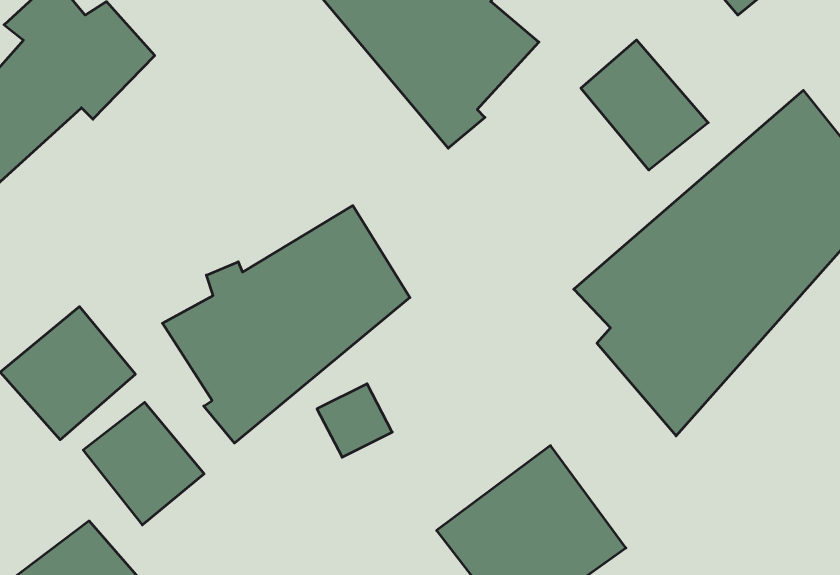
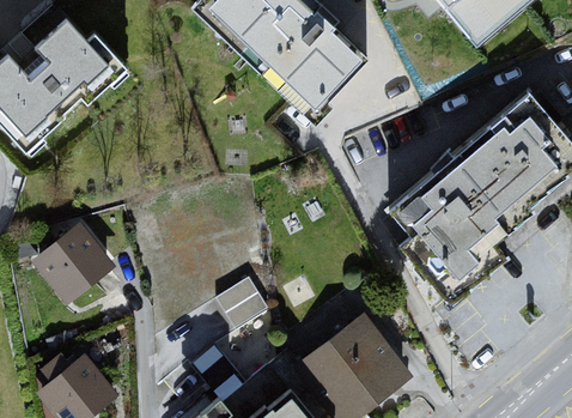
building: [581,40,708,170] -> none
building: [162,206,410,443] -> none
building: [83,402,204,525] -> none

